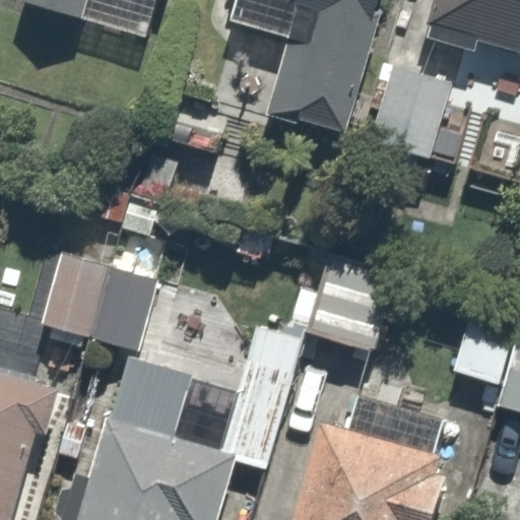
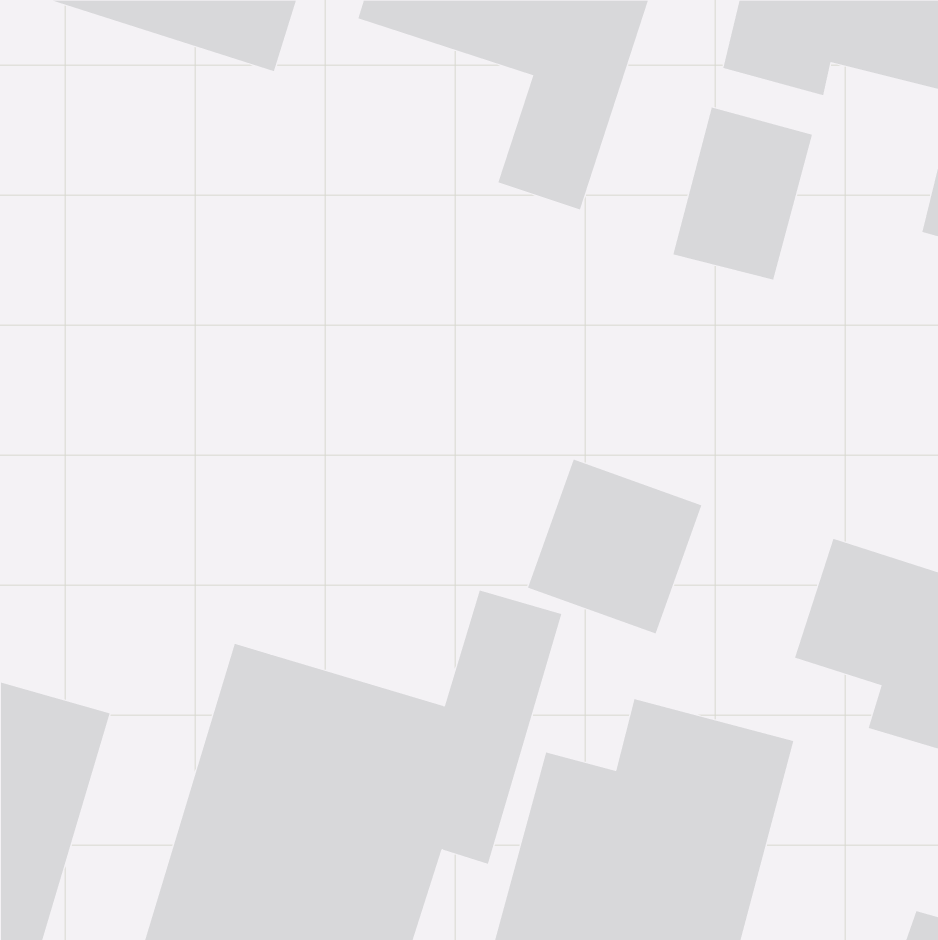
building: [24,245,157,354] -> none

